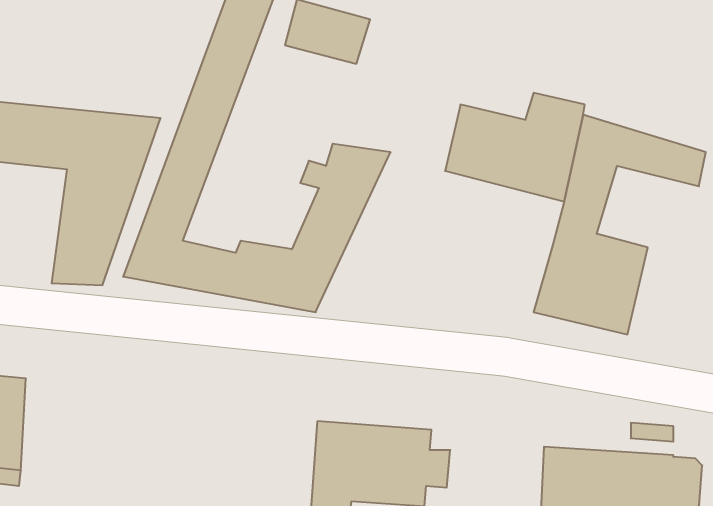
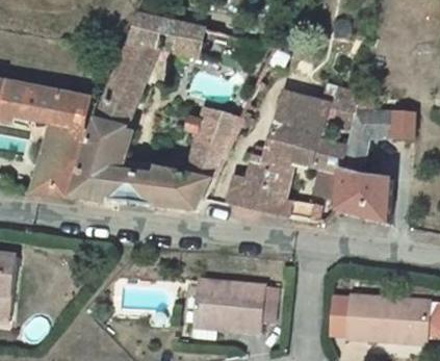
building: none -> [225,127,345,221]

